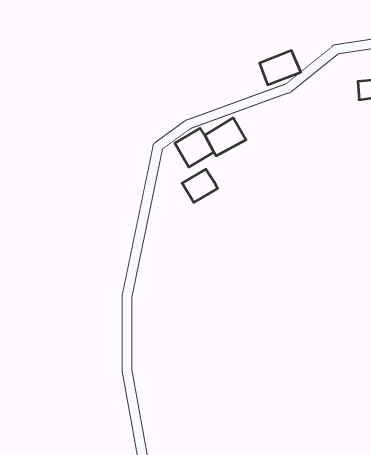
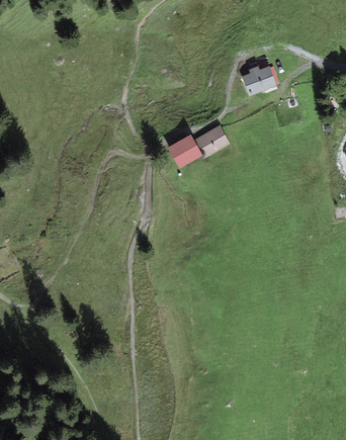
building: [182,169,218,202] -> none

